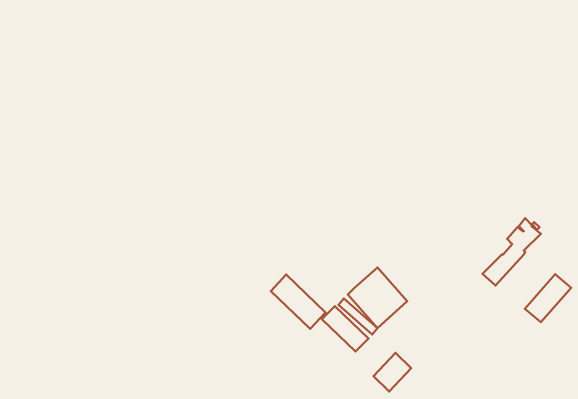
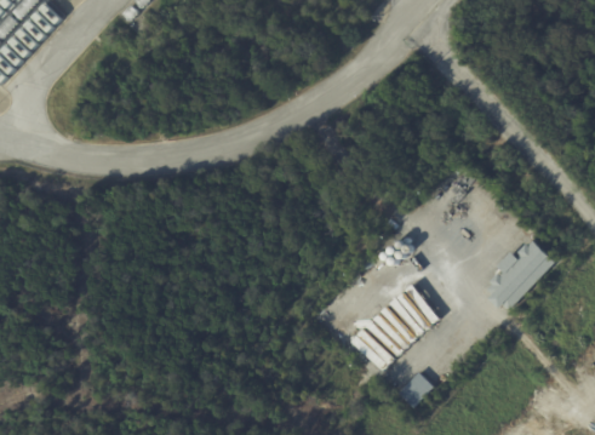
building: [525,274,571,322] -> none
building: [271,275,326,329] -> none

